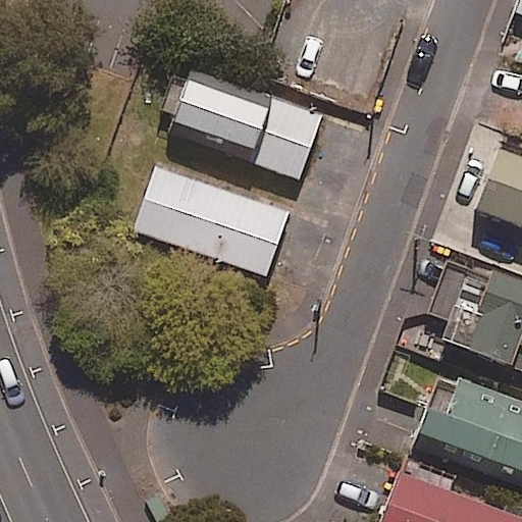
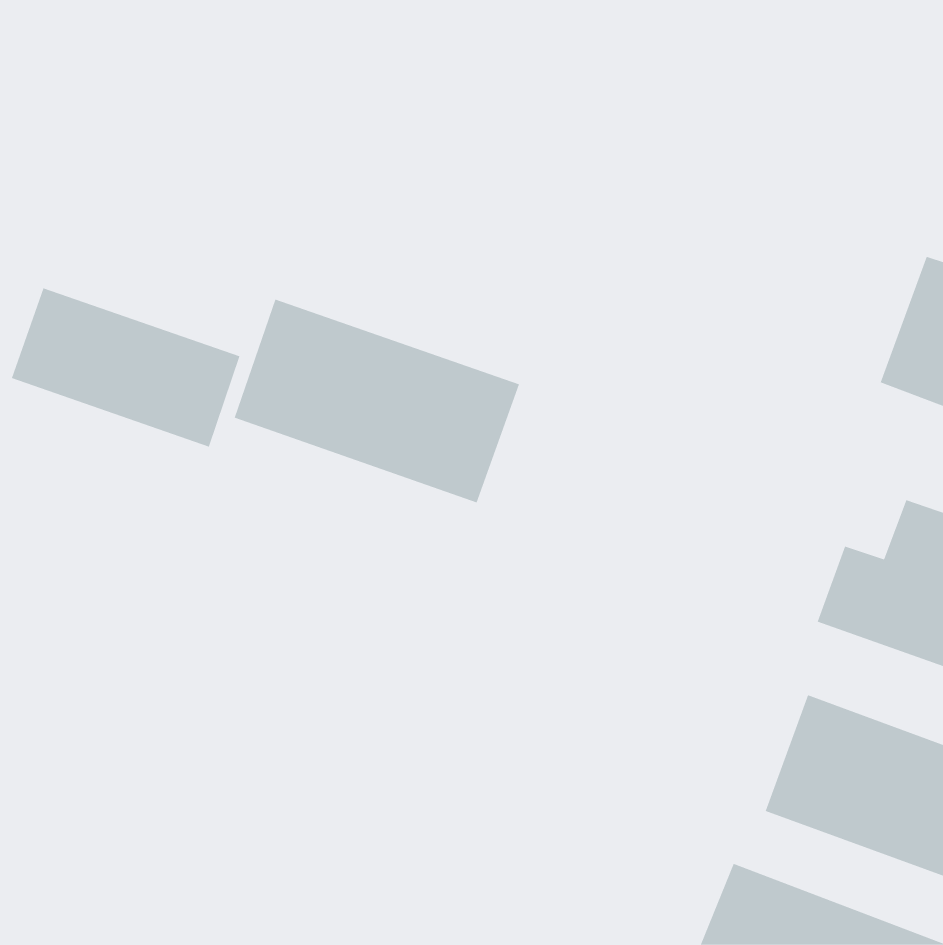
building: [166,69,319,177] -> none
building: none -> [11,288,240,448]

